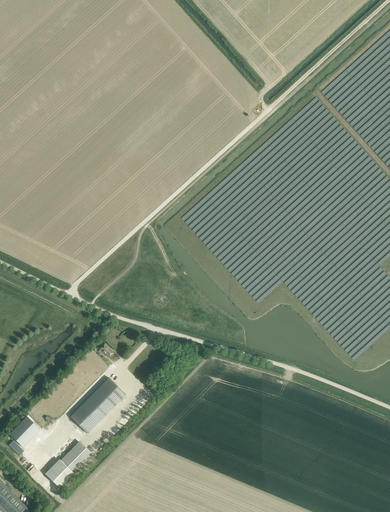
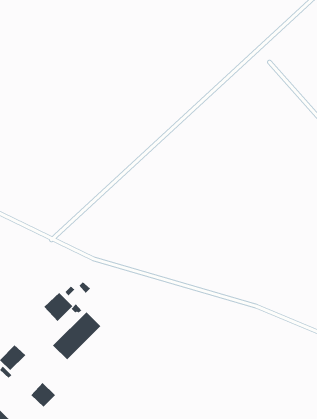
building: none -> [44,292,73,322]
building: [60,442,91,473] -> none

